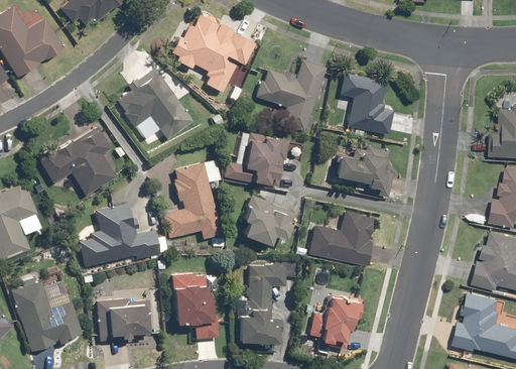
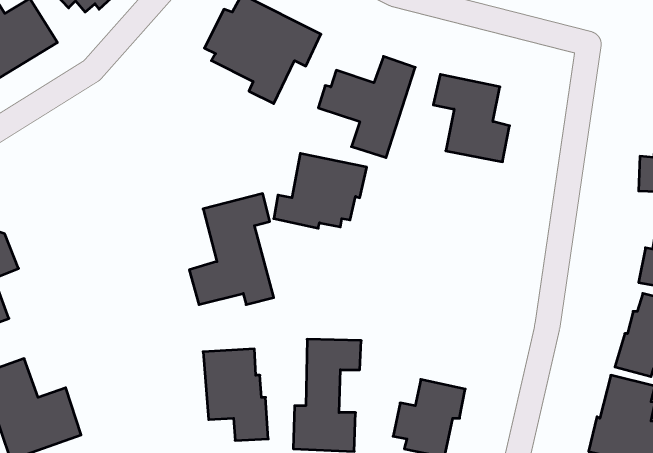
building: [116,67,196,140] -> none
building: [39,125,118,197] -> none
building: [334,145,395,197] -> none
building: [243,194,298,244] -> none
building: [78,202,161,267] -> none
building: [307,210,378,266] -> none
building: [97,297,153,341] -> none

